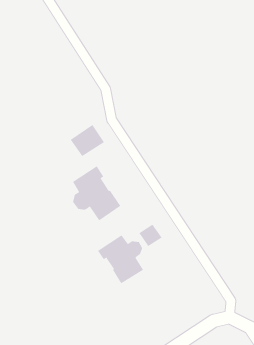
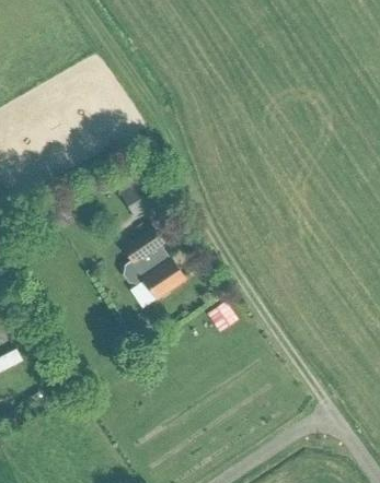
building: [97,235,144,284] -> none

